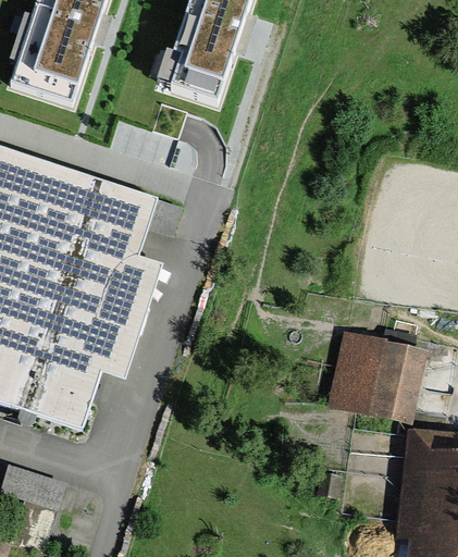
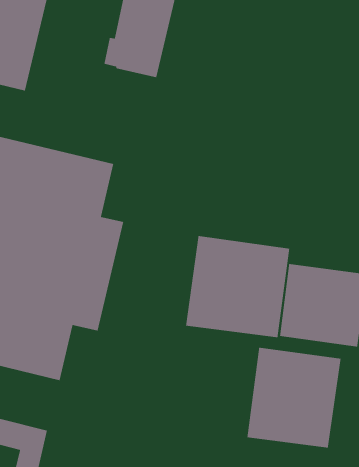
building: none -> [185,235,290,338]
building: none -> [246,347,341,449]

